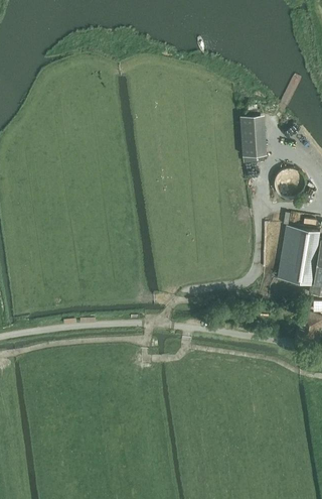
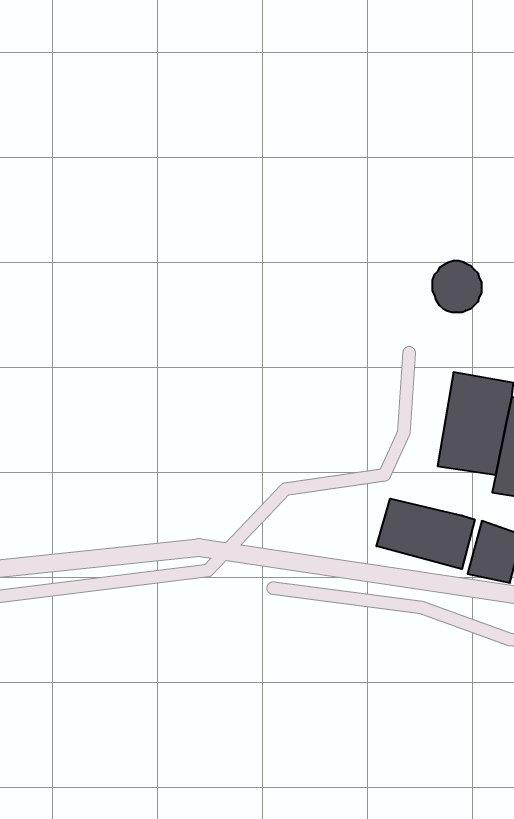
building: [240,115,266,155] -> none
building: none -> [376,499,475,569]

